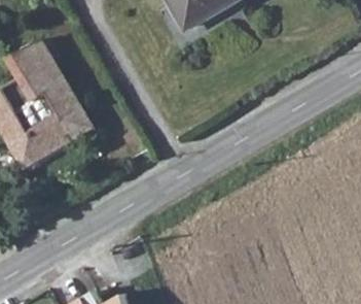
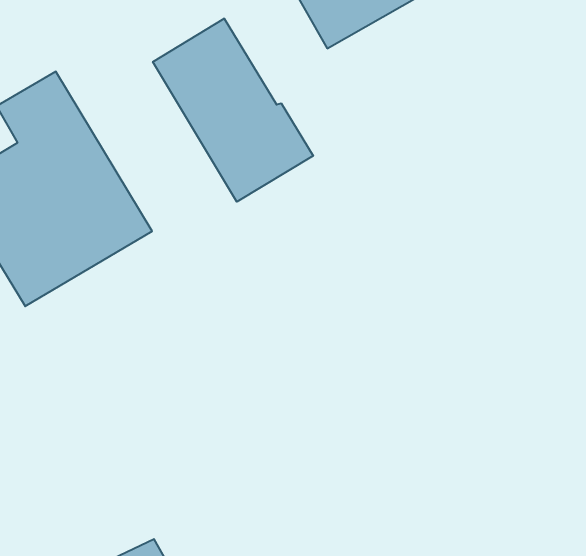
building: none -> [153,18,313,202]

